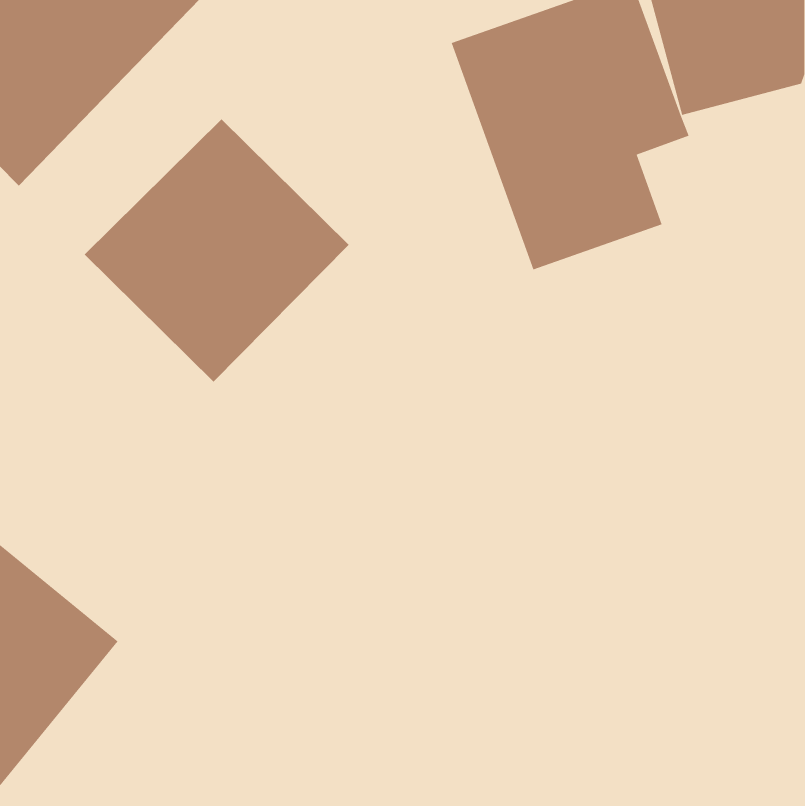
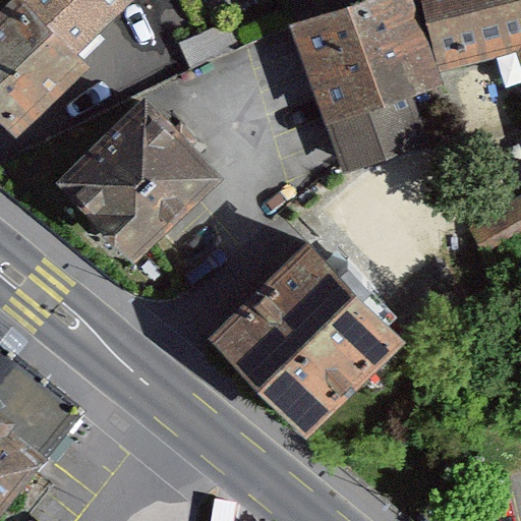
building: none -> [208,246,405,443]

